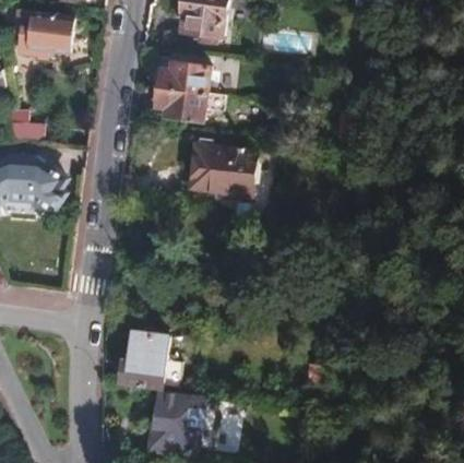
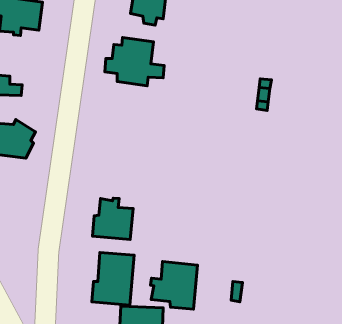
building: [188,145,252,217] -> none
building: none -> [92,198,133,240]
building: none -> [151,262,197,309]

